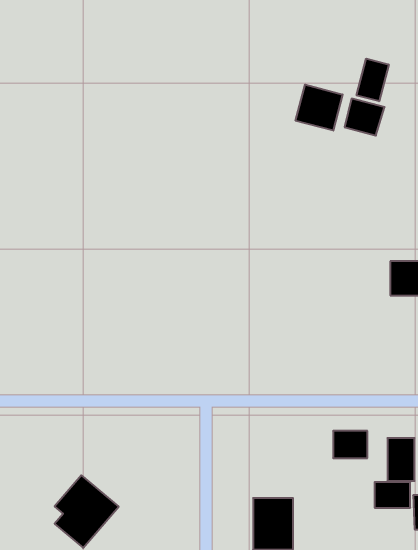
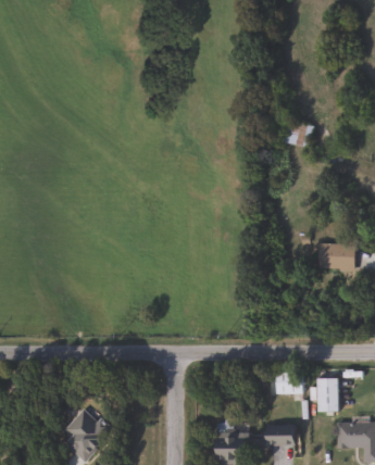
building: [357,59,389,101] -> none
building: [296,85,343,131] -> none
building: [375,482,410,508] -> [265,426,292,445]

